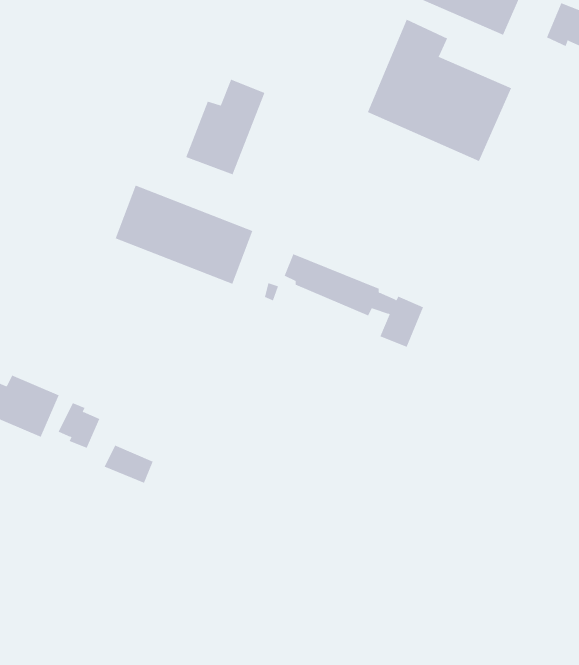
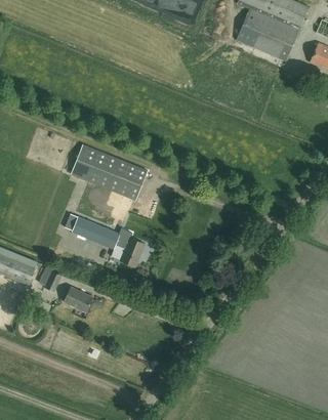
building: [367,19,512,162] -> none
building: [186,79,265,175] -> none
building: [284,254,424,348] -> [65,214,142,266]

